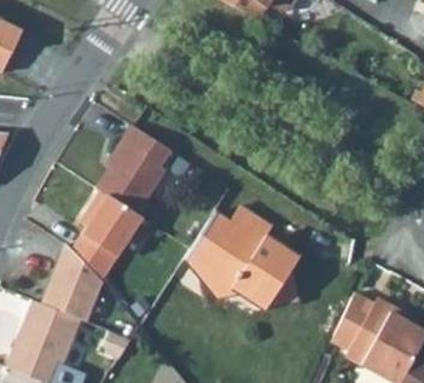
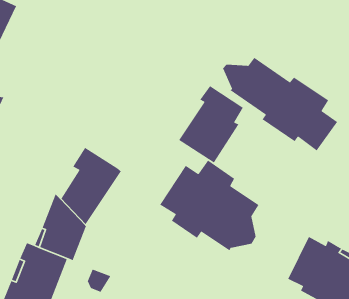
building: none -> [222,57,338,151]
building: [97,126,172,215] -> [178,85,244,164]

